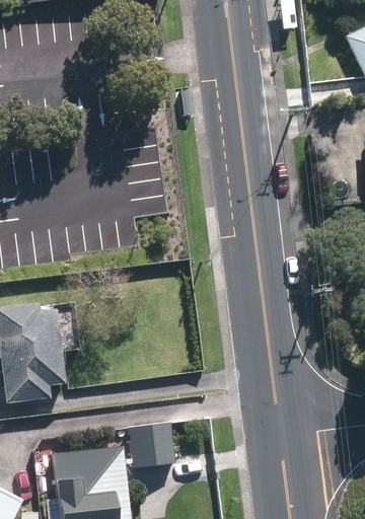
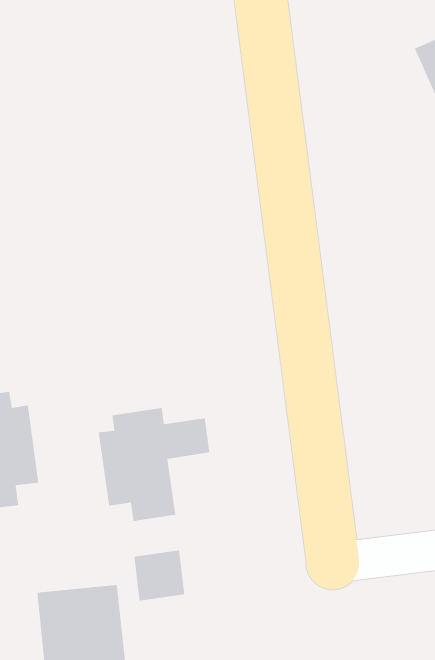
building: none -> [98,407,210,522]

